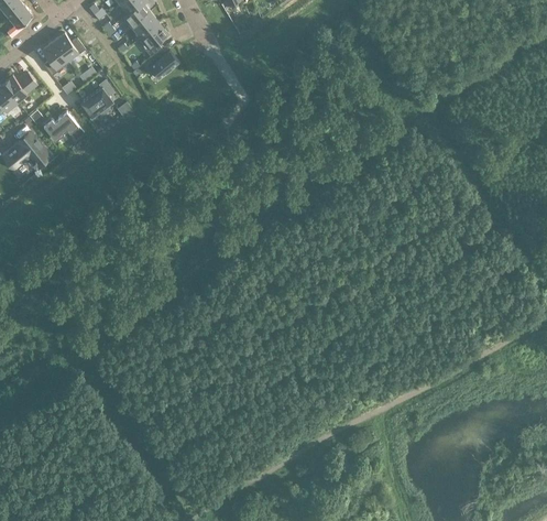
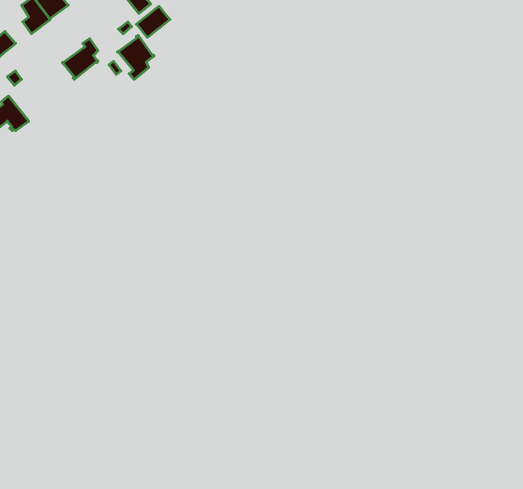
building: none -> [117,35,154,79]
building: [42,111,81,140] -> none

